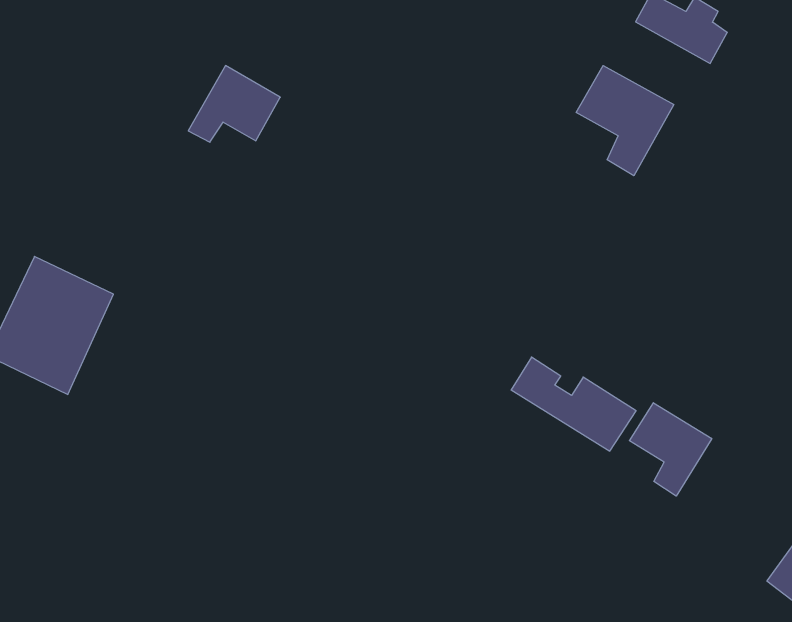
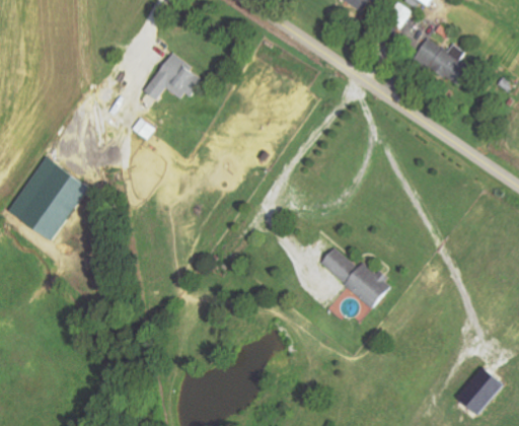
building: [576,66,674,176] -> none
building: [629,403,712,496] -> none

